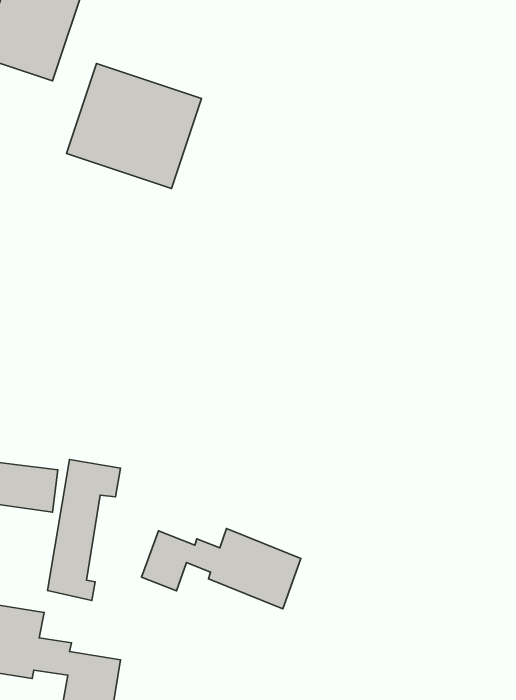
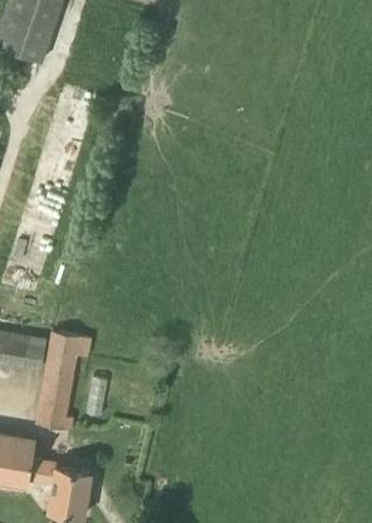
building: [67,64,202,188] -> none
building: [141,528,301,609] -> none

